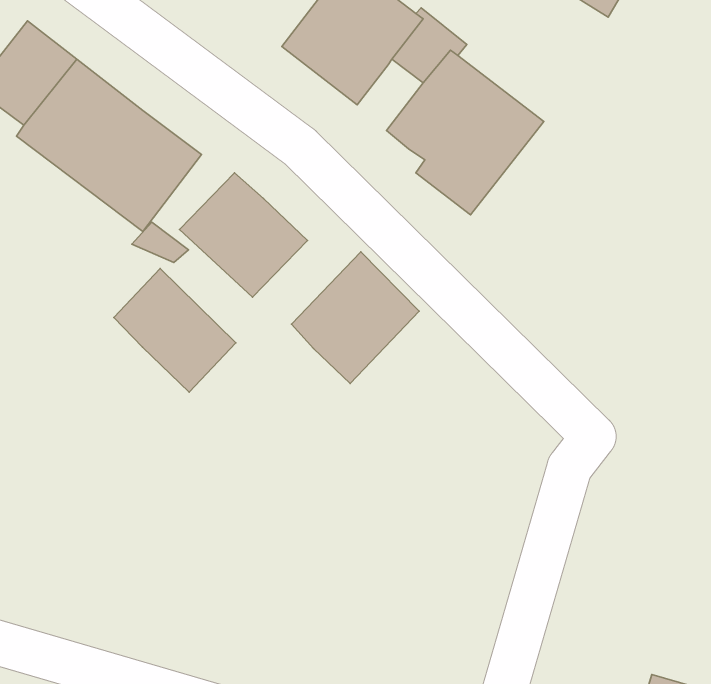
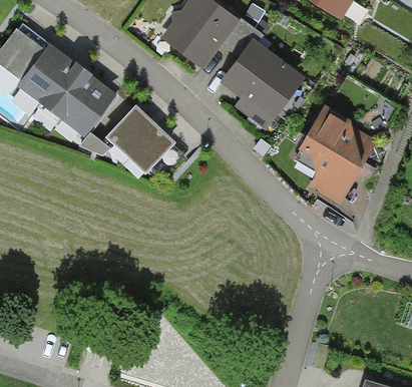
building: none -> [299,104,377,204]
building: [292,252,419,384] -> none
building: [114,269,236,392] -> none

